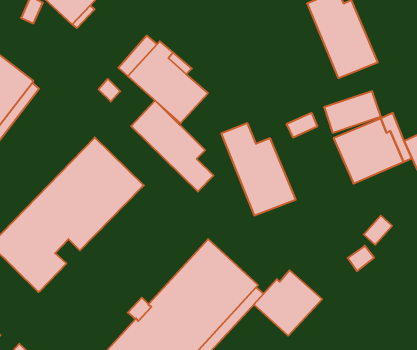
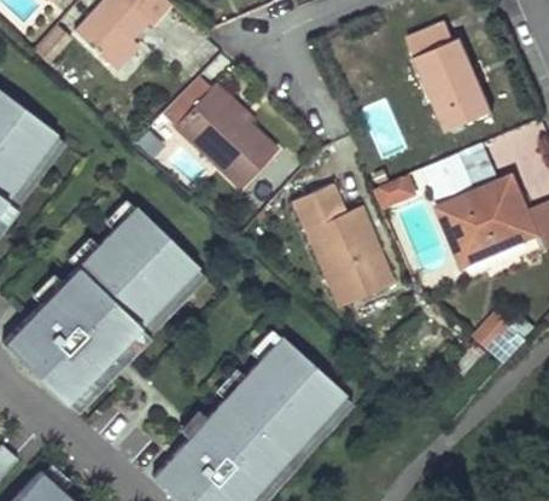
building: [131,101,213,192] -> none
building: none -> [65,270,204,412]
building: [254,270,322,336] -> none

